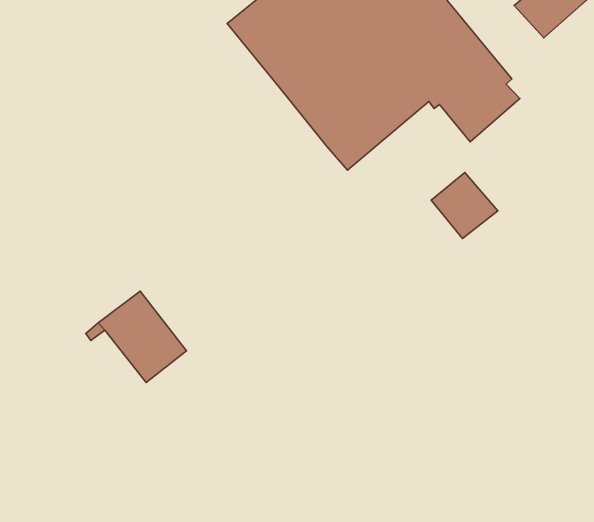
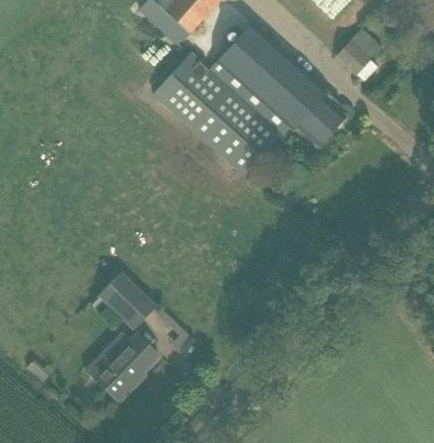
building: [431,172,498,238] -> none
building: none -> [94,330,158,401]

